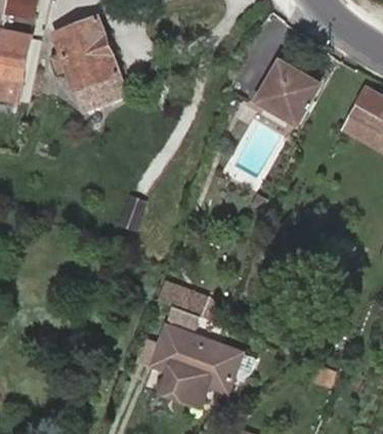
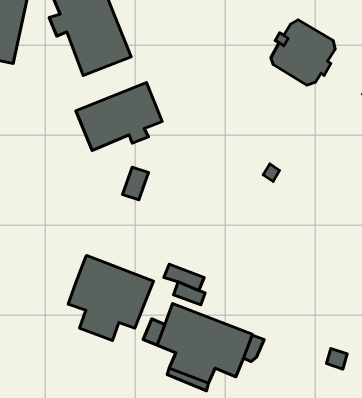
building: none -> [76,82,162,150]
building: none -> [68,255,153,340]

